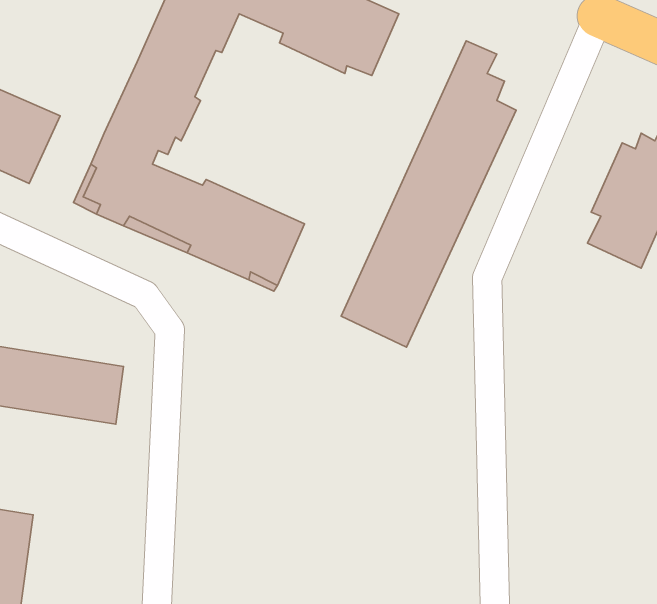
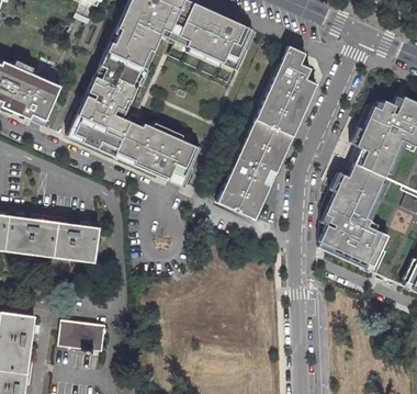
building: none -> [322,161,388,268]
building: none -> [59,319,106,350]

